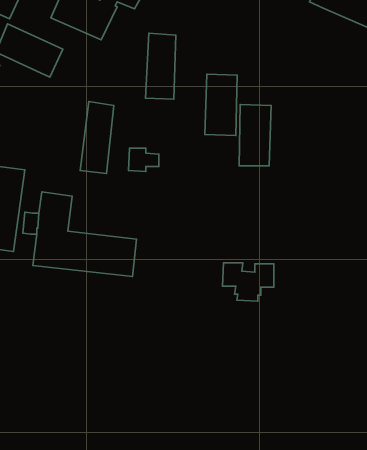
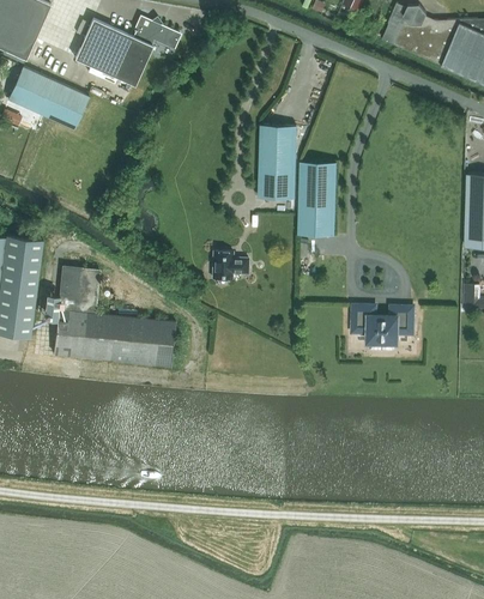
building: [146,33,176,99] -> none
building: [80,101,114,174] -> none
building: [129,148,159,171] -> [212,252,248,279]
building: [223,263,274,301] -> [352,305,413,351]

